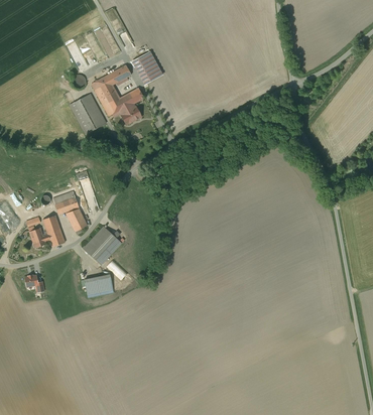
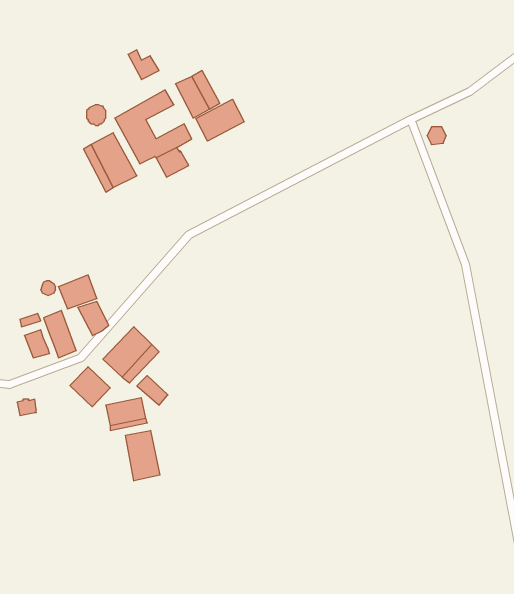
building: none -> [196,99,244,141]
building: none -> [70,367,110,407]
building: none -> [126,430,160,481]

